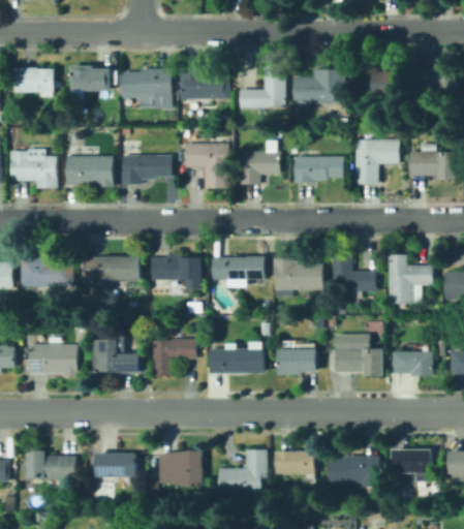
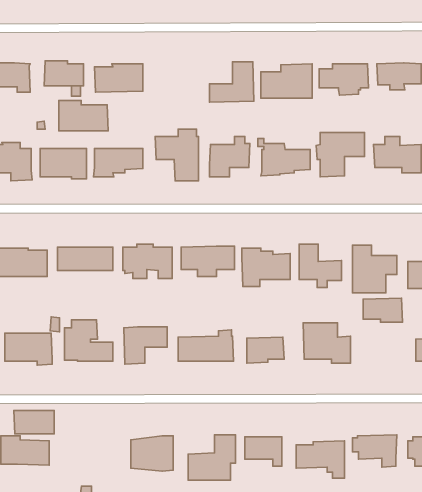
building: [179,68,229,99] -> [59,101,108,131]
building: [394,351,434,376] -> [363,298,403,322]
building: [95,454,136,477] -> [14,411,54,434]

